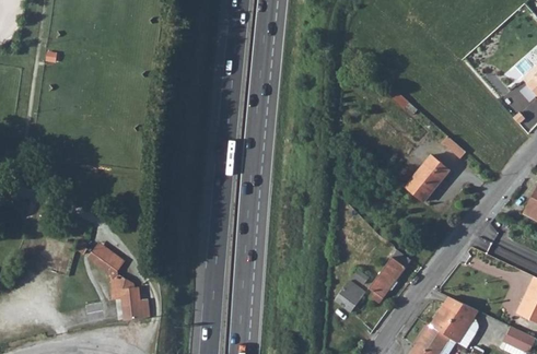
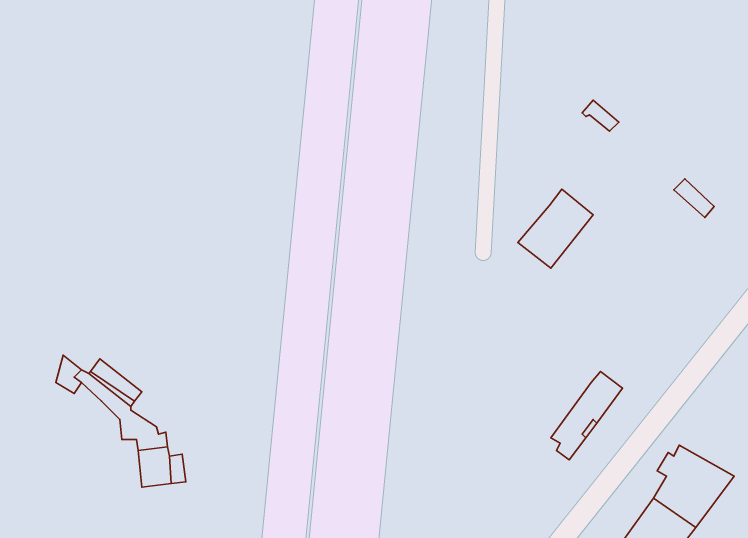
building: [404,155,448,202] -> [518,189,593,268]
building: [335,281,364,312] -> none

